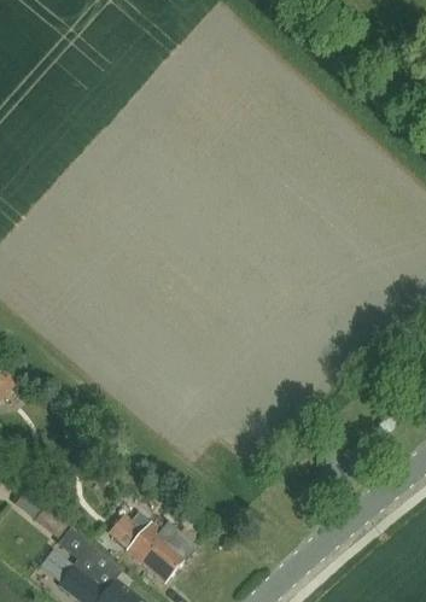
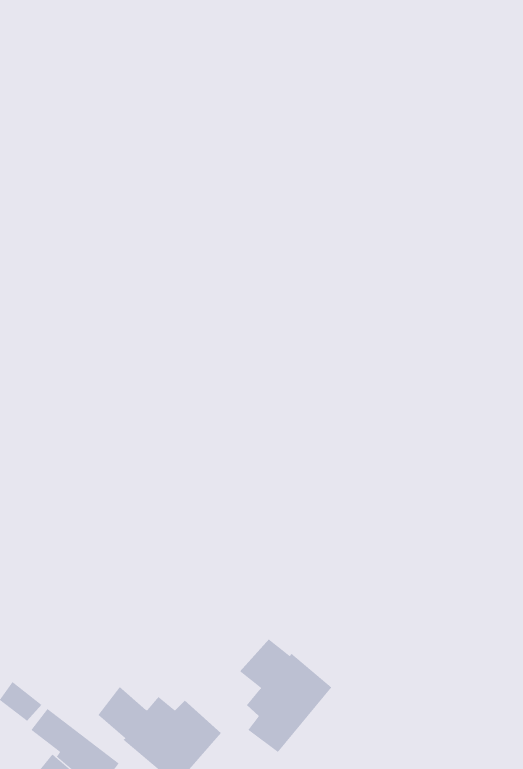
building: none -> [239,638,332,753]

